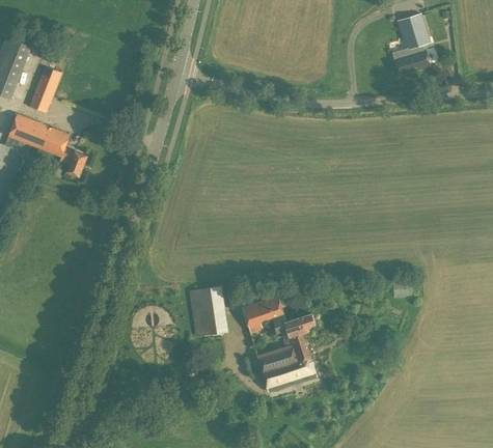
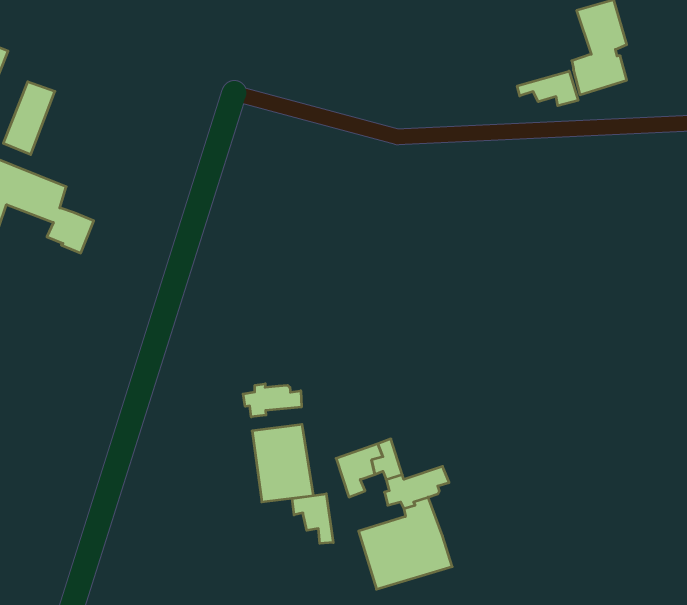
building: none -> [517,71,578,106]
building: none -> [243,384,301,417]
building: none -> [292,494,333,543]

